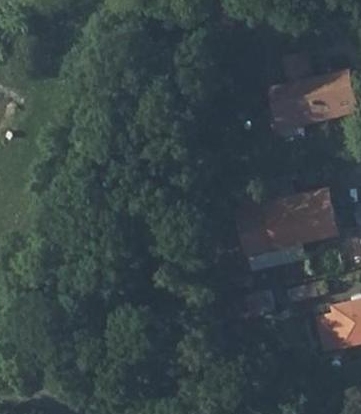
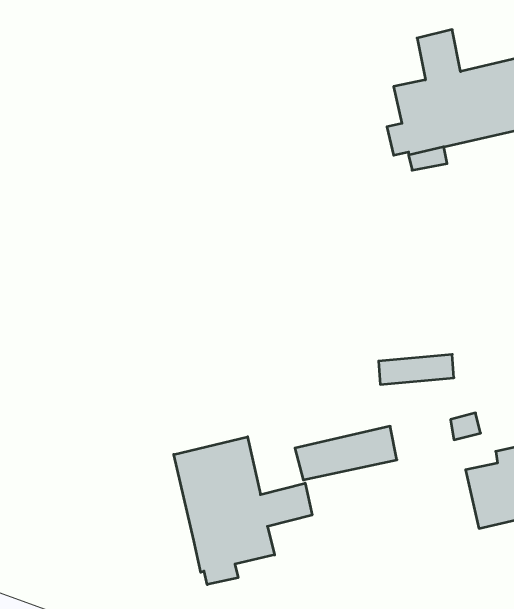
building: [238,190,336,252] -> none
building: none -> [174,437,312,585]

